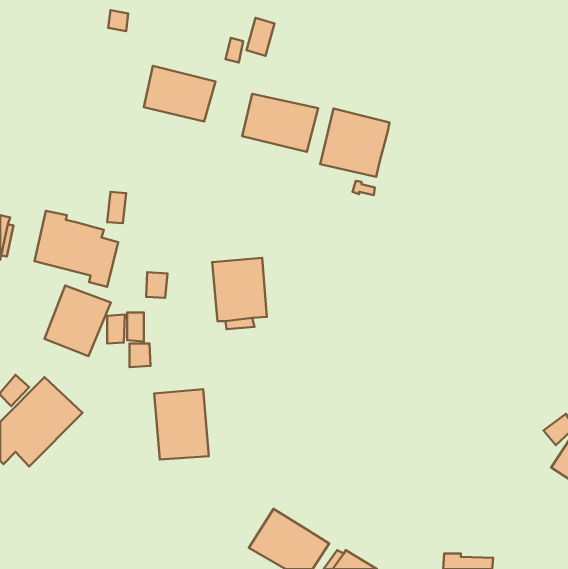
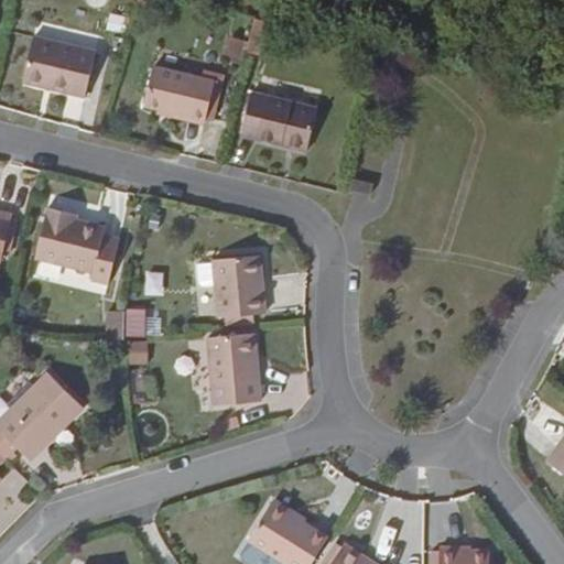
building: none -> [22,35,95,97]
building: [320,108,389,177] -> none
building: [45,286,111,356] -> none
building: [154,389,209,459] -> [207,334,261,403]

